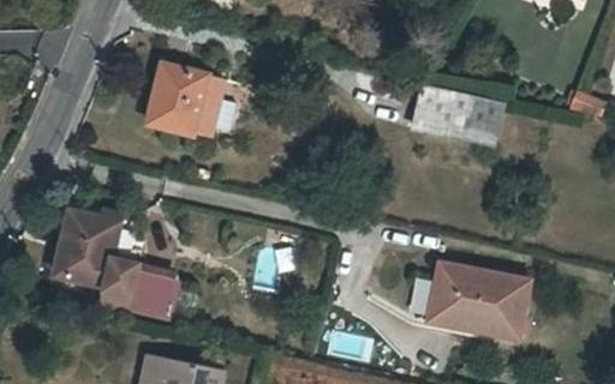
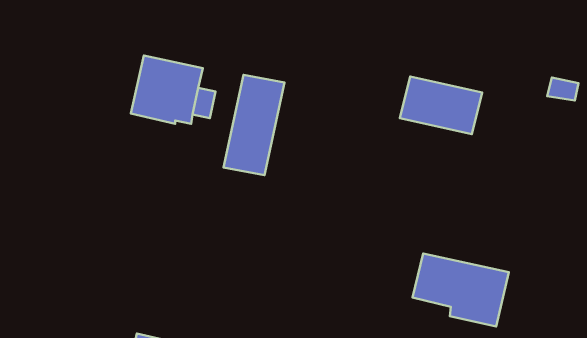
building: none -> [223,75,285,175]
building: [58,209,174,312] -> none

